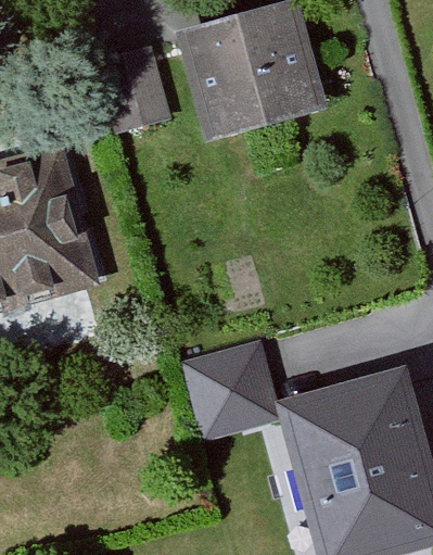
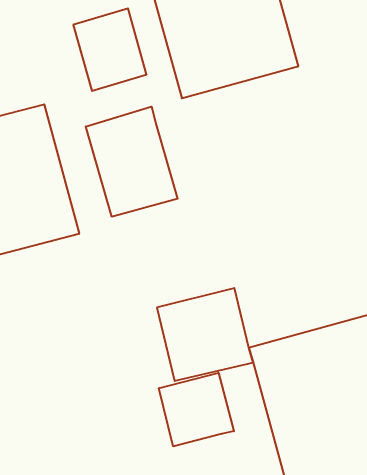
building: none -> [86,107,178,217]
building: none -> [159,373,234,446]

